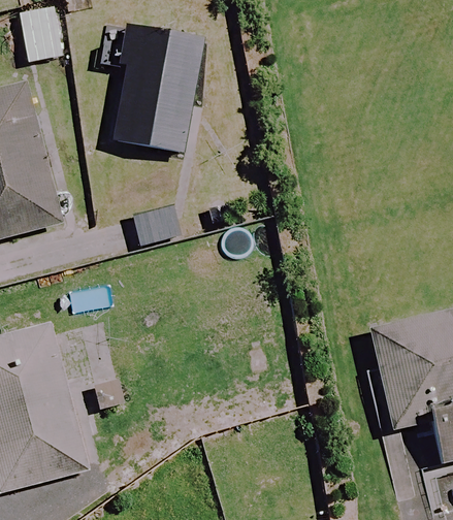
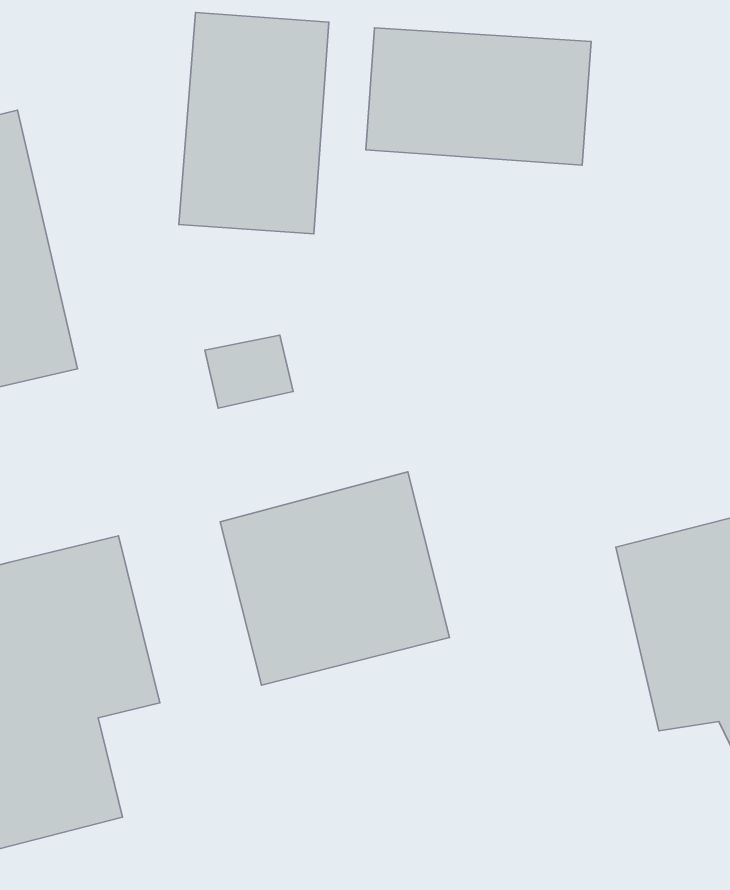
building: none -> [366,28,591,165]
building: none -> [220,472,450,685]

